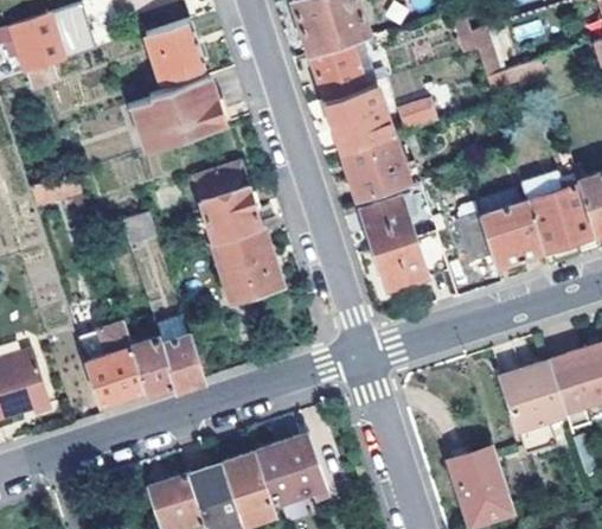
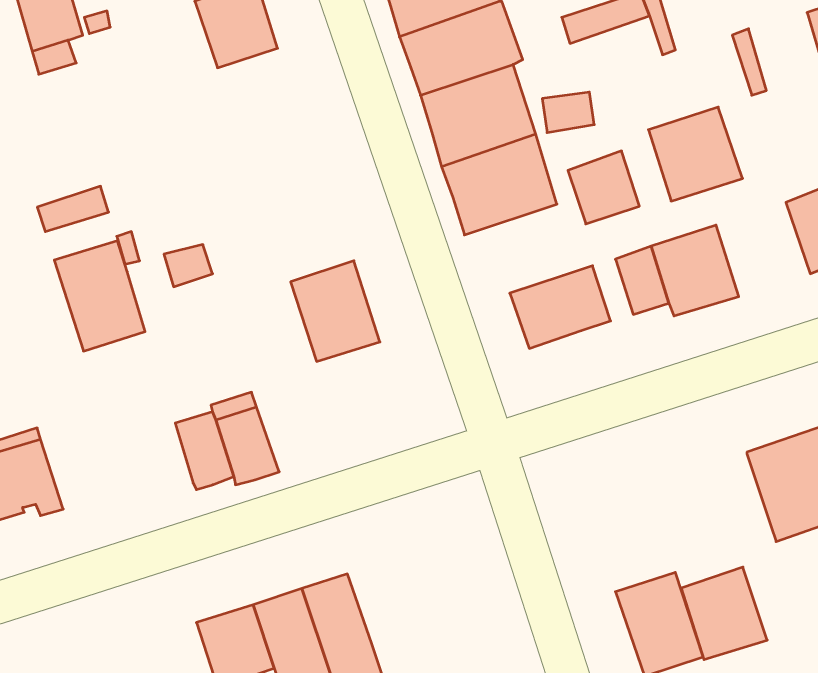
building: [130,75,224,148] -> none
building: [193,161,261,240] -> none
building: [525,181,594,250] -> [648,107,743,201]
building: [361,195,414,248] -> [568,151,639,224]
building: [77,320,143,401] -> [54,241,145,351]
building: [502,365,565,433] -> [681,567,767,660]
building: [256,435,331,504] -> none

